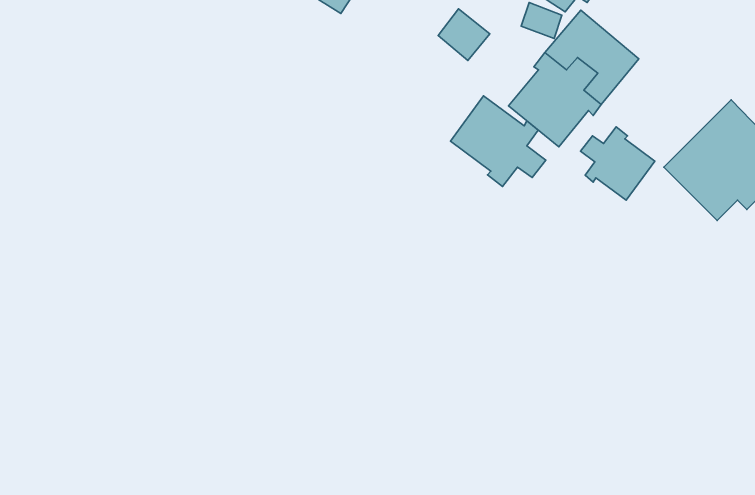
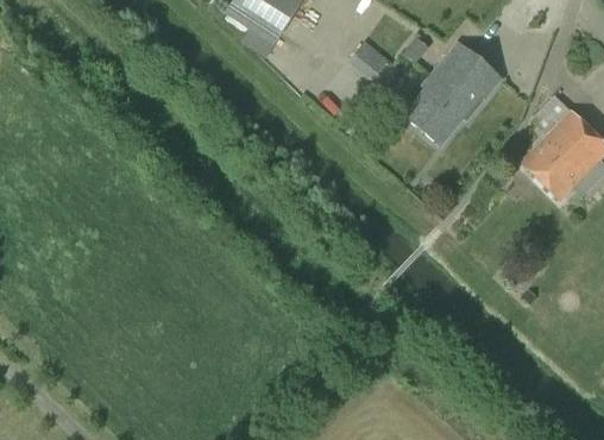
building: [450,96,546,187] -> none
building: [581,127,655,200] -> none

